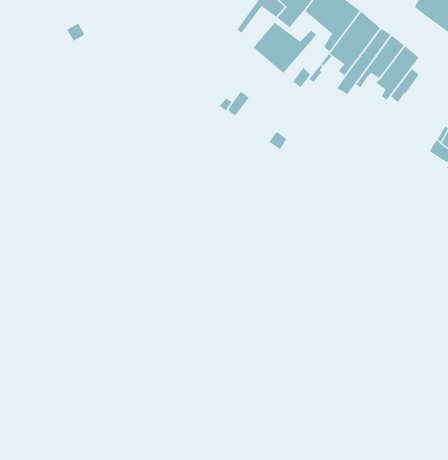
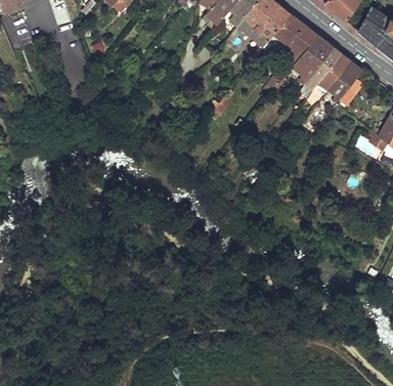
building: [253,22,317,74] -> none

